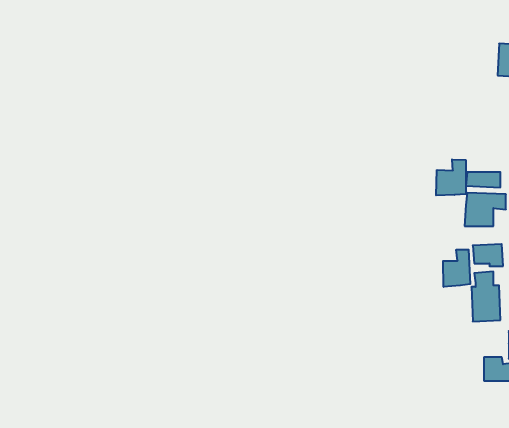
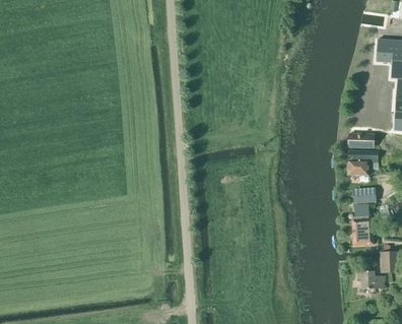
building: [436,159,466,195] -> none
building: [443,250,470,287] -> none

